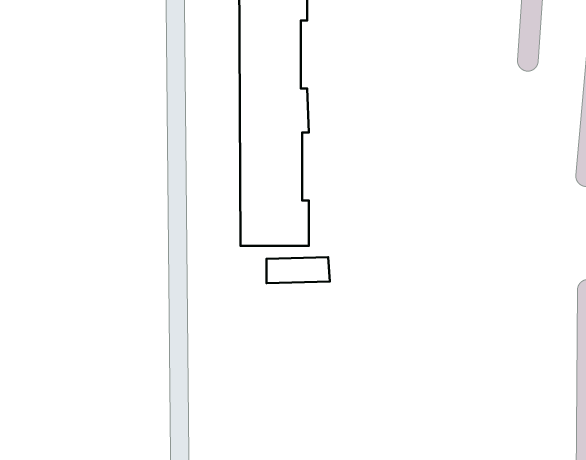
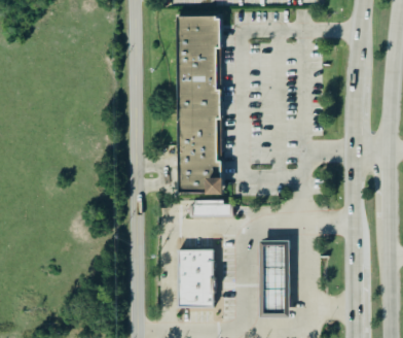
building: none -> [261,243,288,317]
building: none -> [178,250,214,307]

